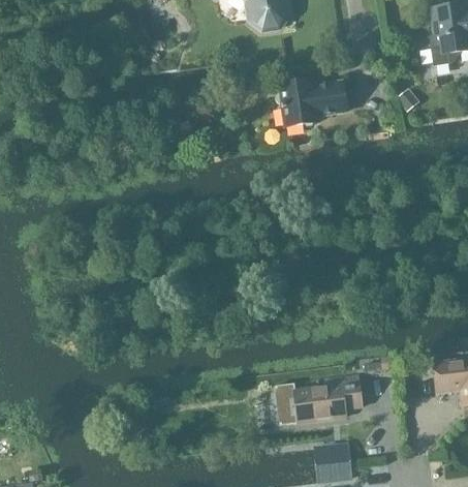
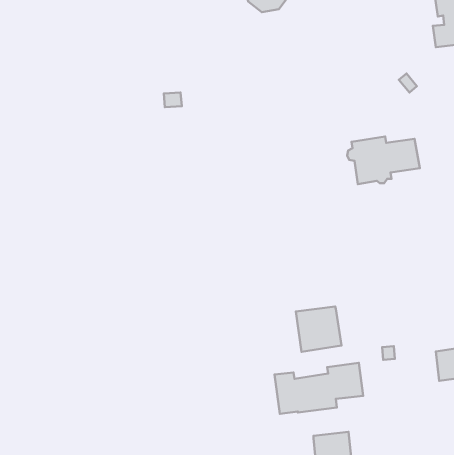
building: [275,80,346,126] -> [347,137,420,184]
building: none -> [296,307,342,352]

